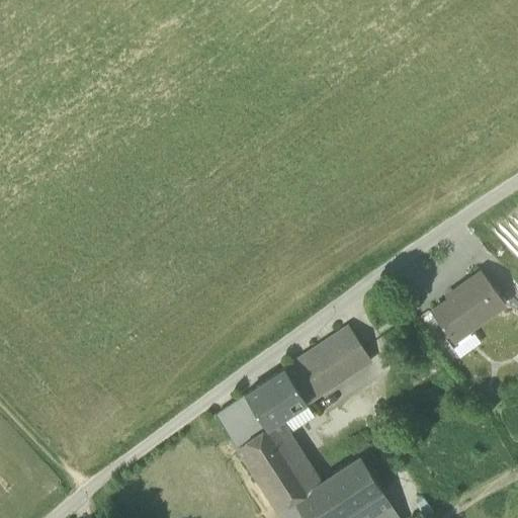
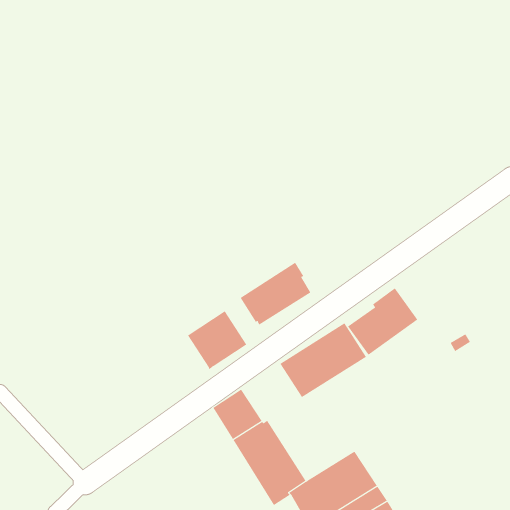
building: none -> [240,262,311,325]
building: [433,273,505,342] -> [347,287,418,356]
building: [246,369,307,429] -> [187,311,247,370]

